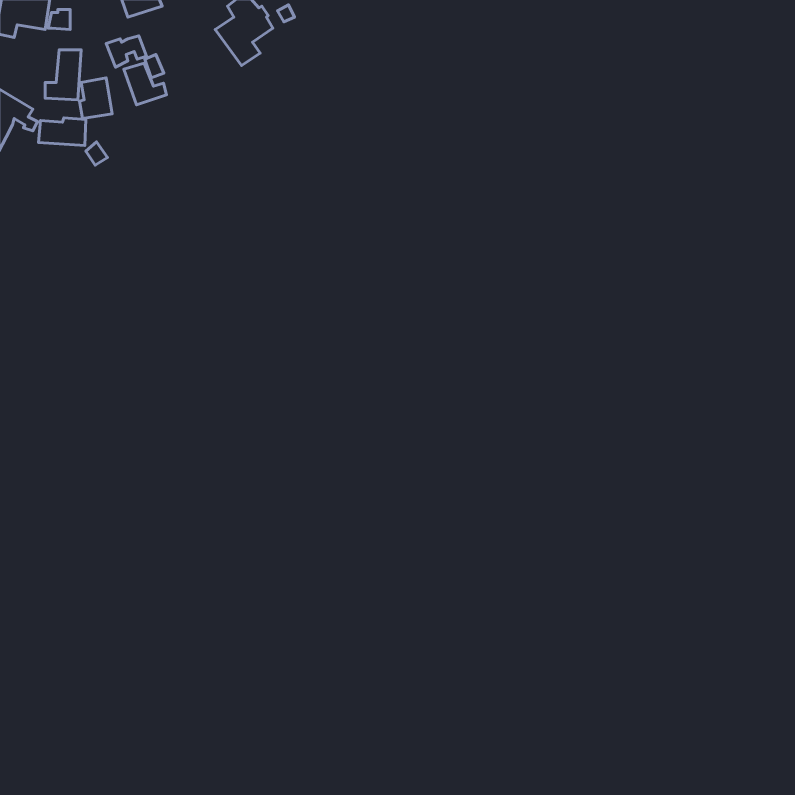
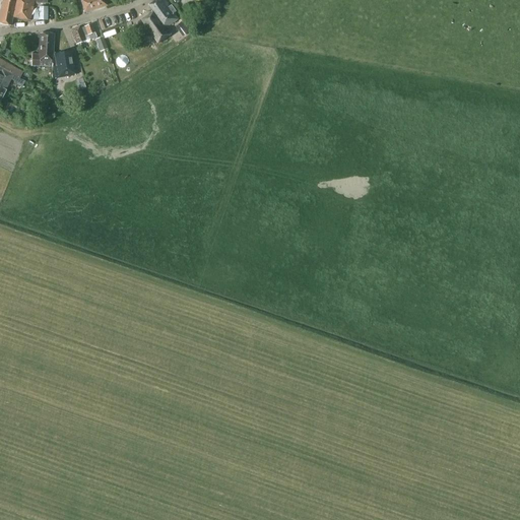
building: [124,63,167,105] -> none
building: [39,118,86,145] -> none

